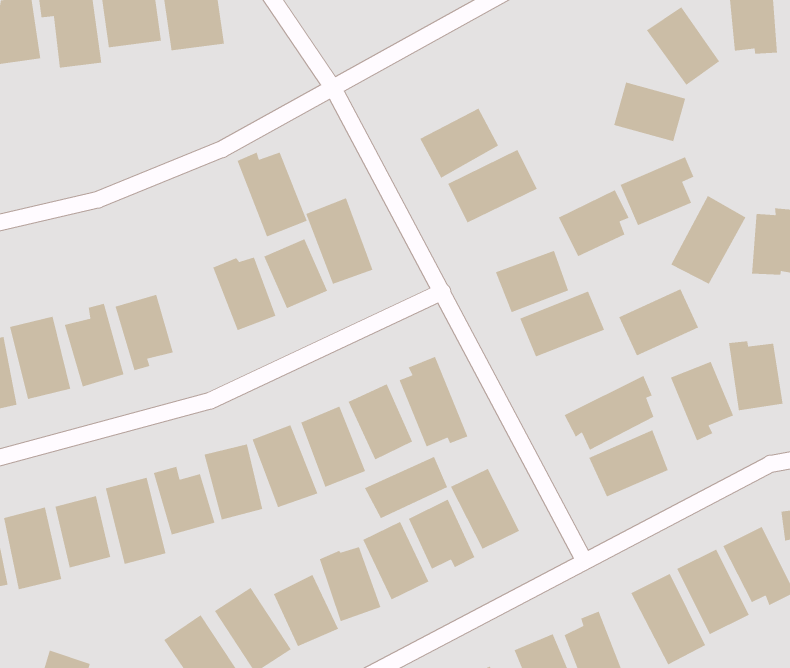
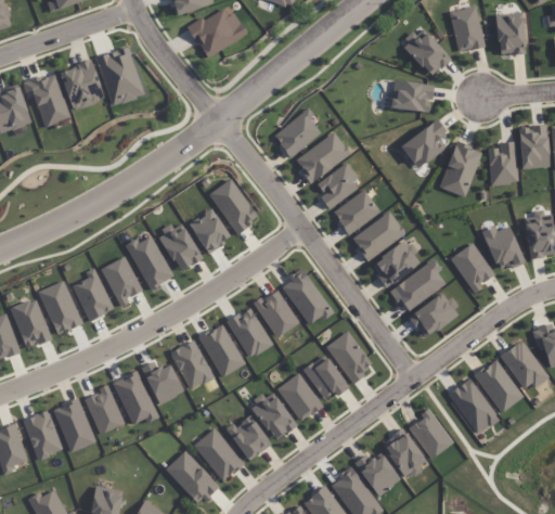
building: [236,152,308,237] -> [124,235,173,290]
building: [558,189,630,257] -> [313,162,358,207]
building: [618,288,699,357] -> [370,240,421,286]
building: [364,456,448,519] -> none

